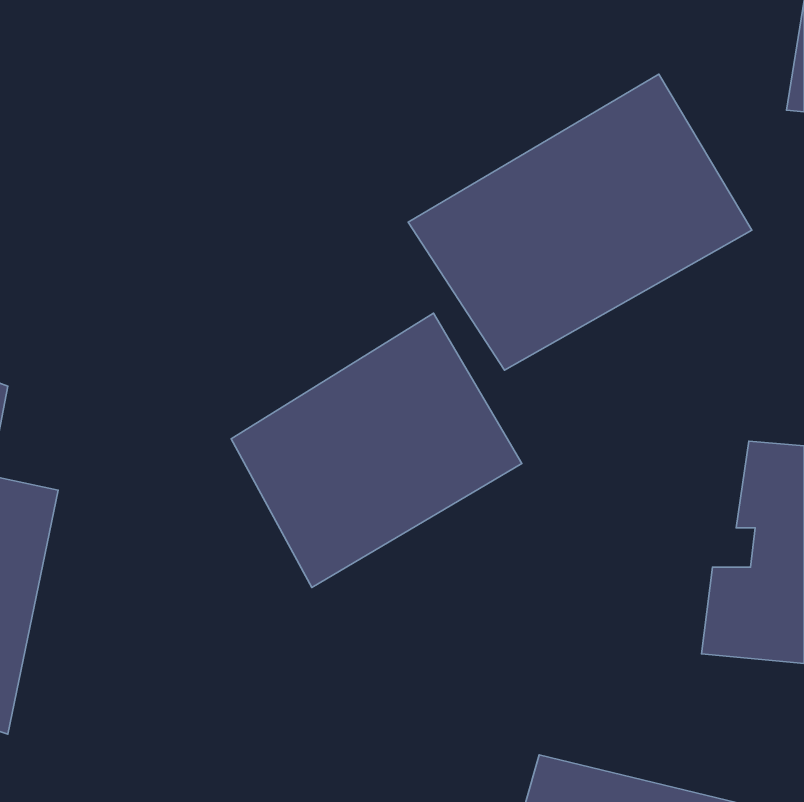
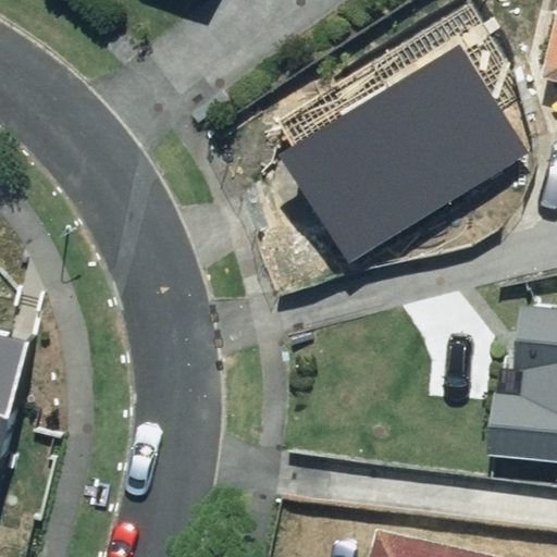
building: [231,313,522,588] -> none

